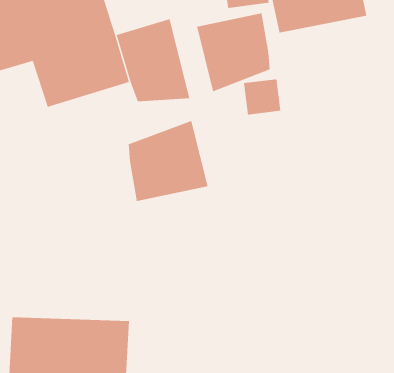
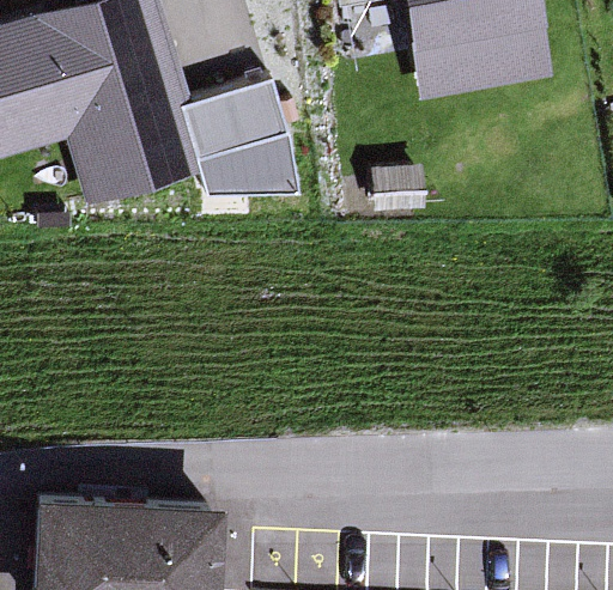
building: [196,13,270,92] -> none
building: [128,120,208,202] -> none

